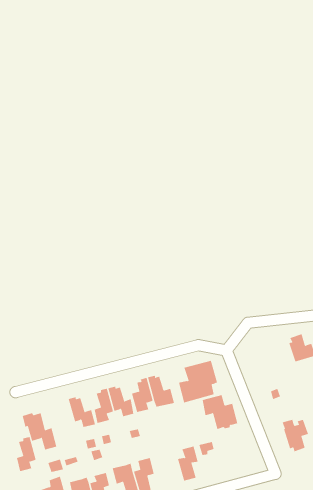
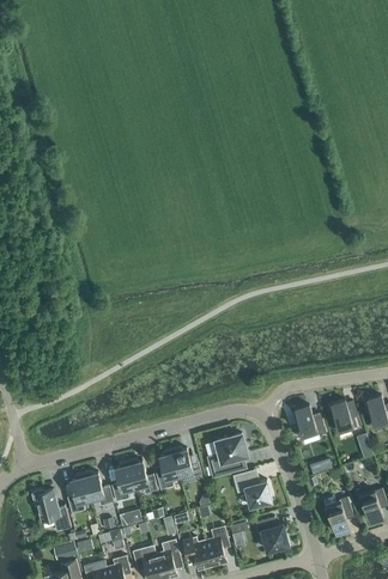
building: none -> [293,406,326,438]
building: [16,436,37,472] -> [67,474,90,513]
building: none -> [255,517,289,551]
building: none -> [182,537,212,569]

